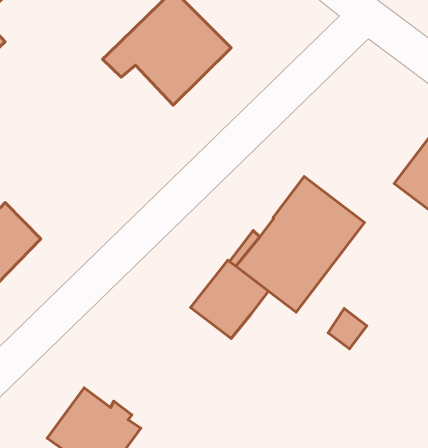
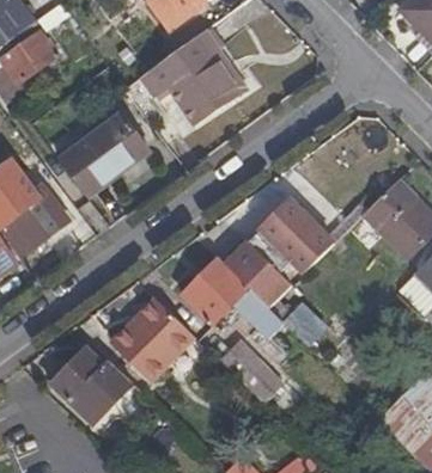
building: none -> [60,112,151,196]
building: none -> [232,288,282,339]
building: none -> [112,297,194,377]
building: none -> [223,340,282,400]

